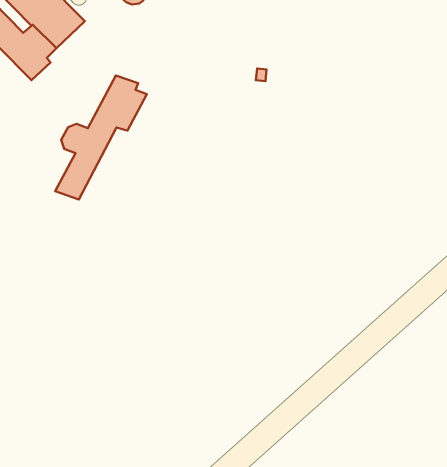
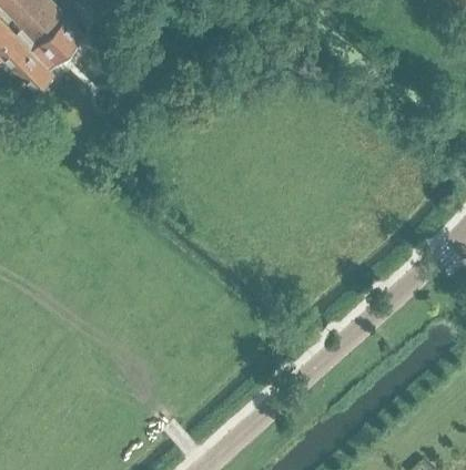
building: [55,76,147,199] -> none

